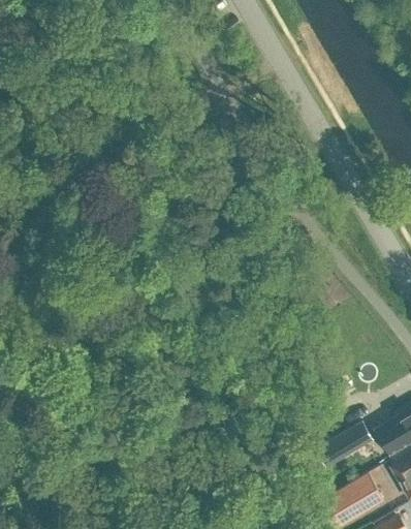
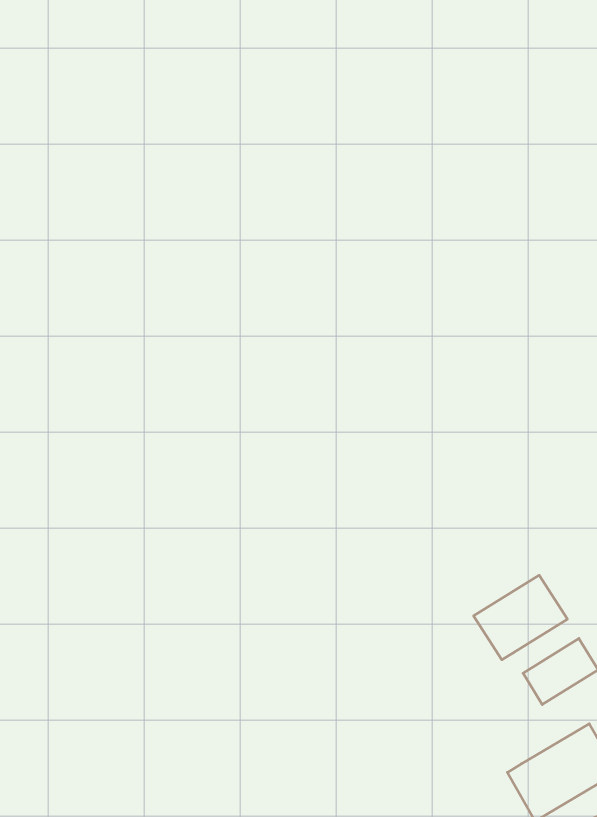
building: none -> [474,575,567,660]

